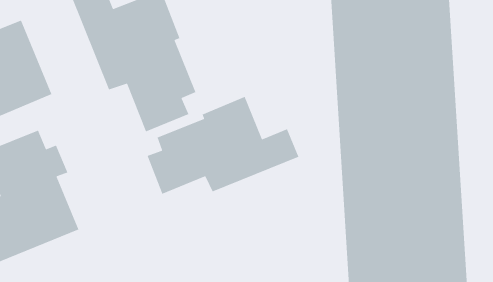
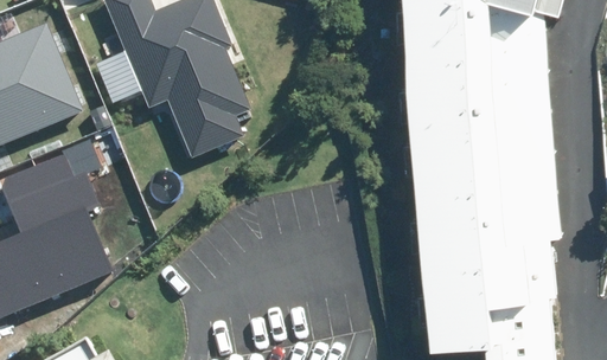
building: [146,96,300,195] -> none

